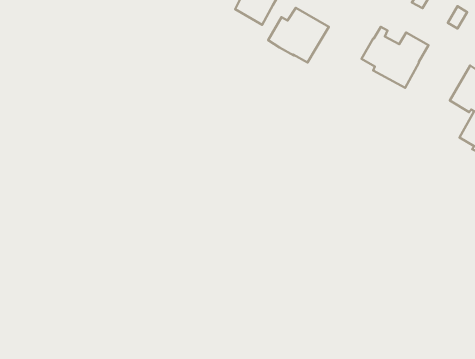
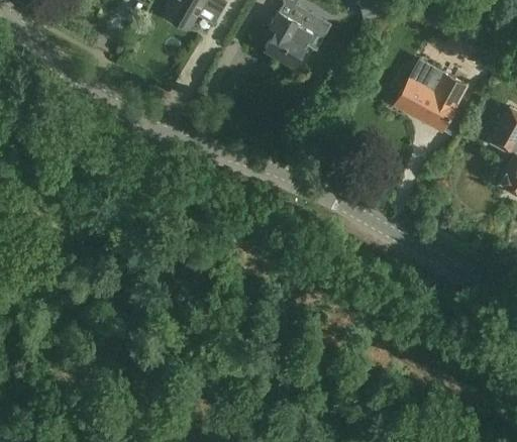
building: [268,8,329,62] -> none

